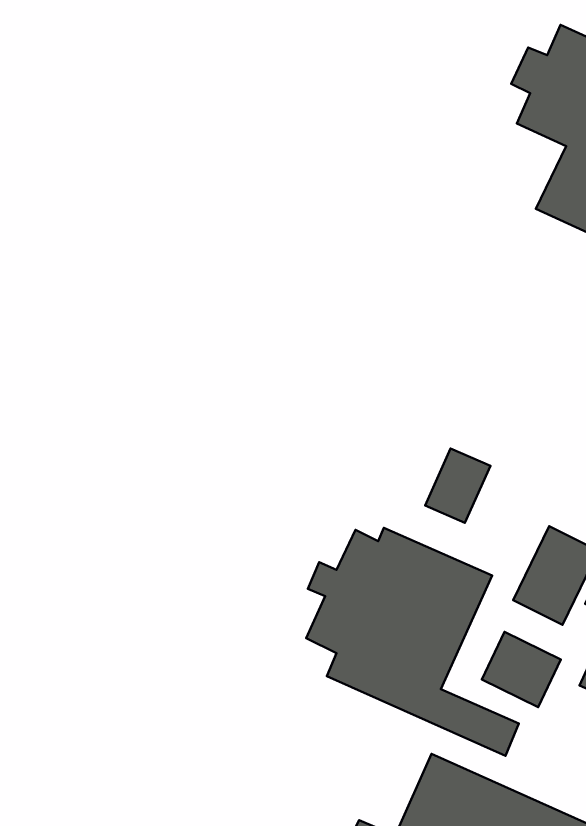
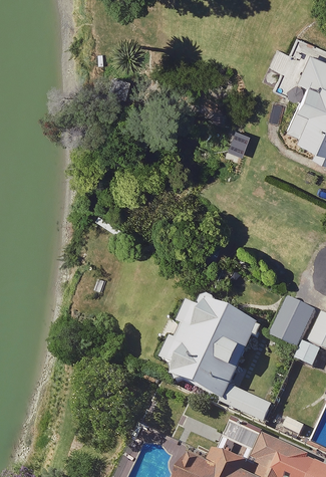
building: [425,449,490,523] -> none
building: [482,632,561,707] -> none

